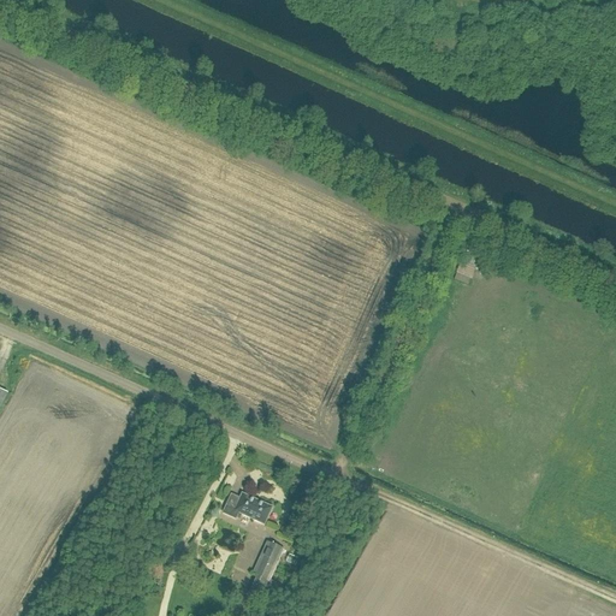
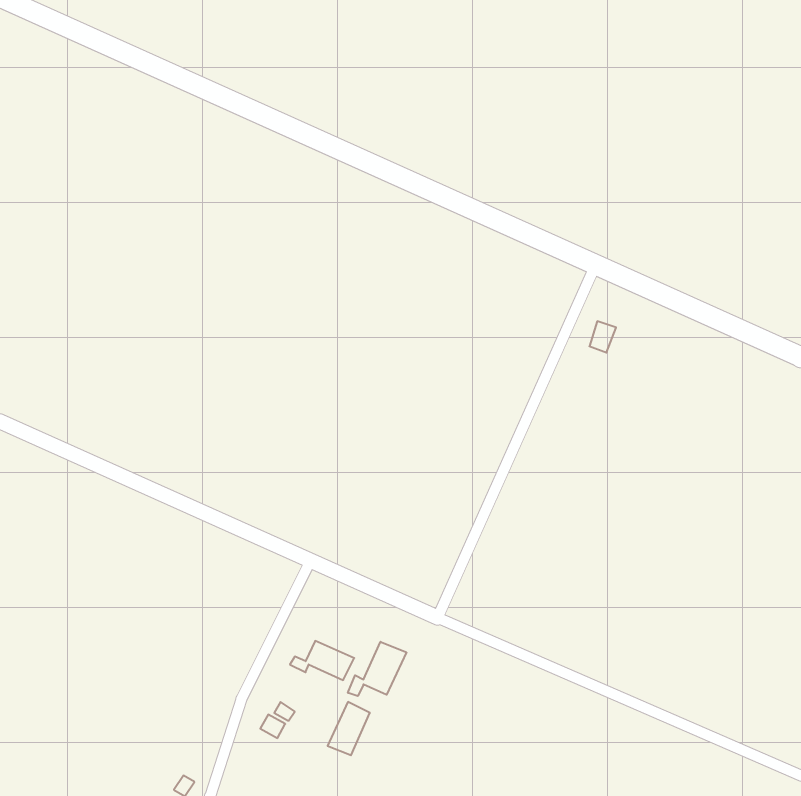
building: none -> [348,642,406,696]

